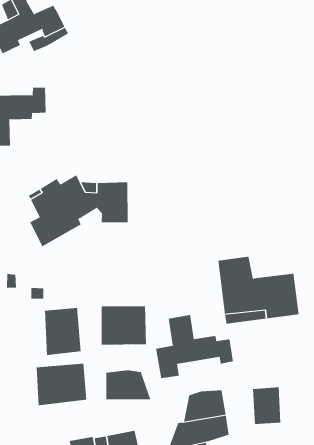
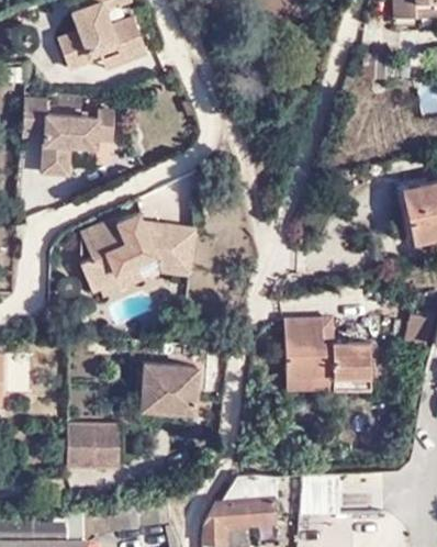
building: [44,307,81,356] -> none
building: [156,314,234,379] -> none
building: [106,369,151,400] -> none

